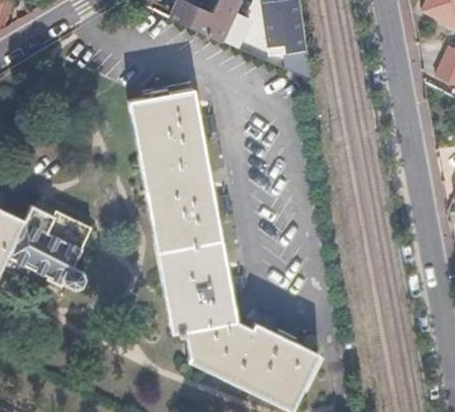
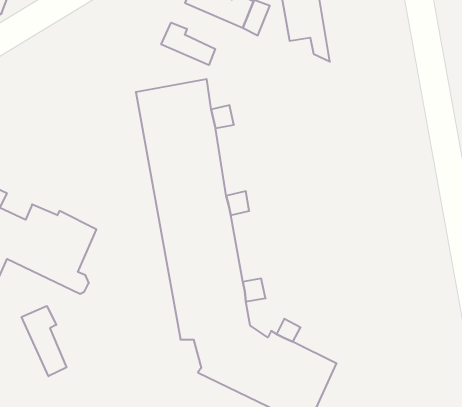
building: none -> [161,23,215,65]
building: none -> [22,306,66,376]

